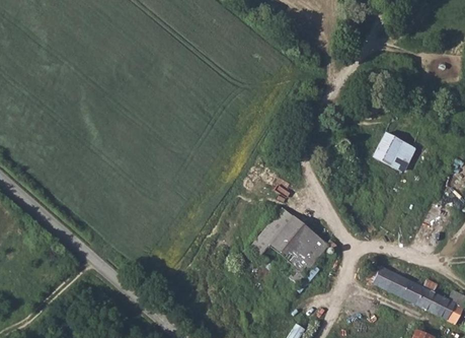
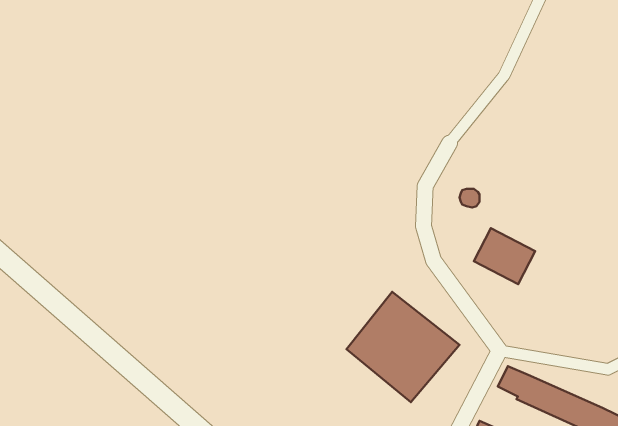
building: [374,130,417,170] -> [474,228,535,284]

